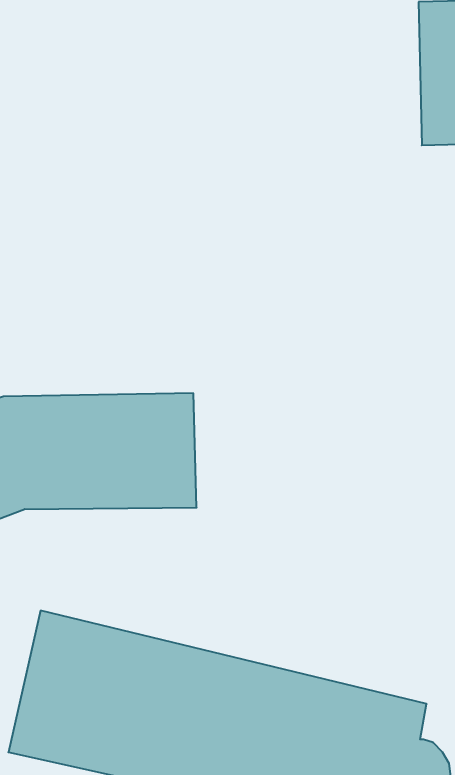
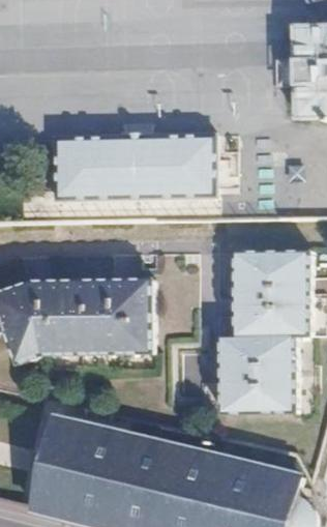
building: none -> [53,135,216,198]
building: none -> [233,253,307,415]

